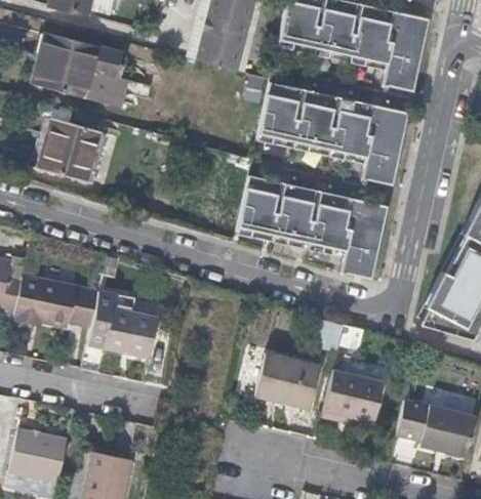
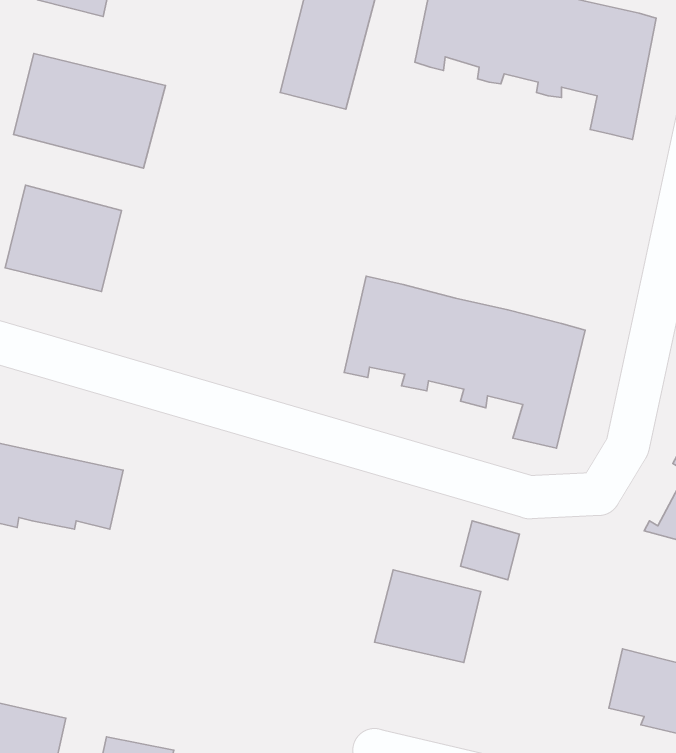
building: [258,79,407,184] -> none
building: [90,288,159,357] -> none
building: [322,375,385,427] -> none

